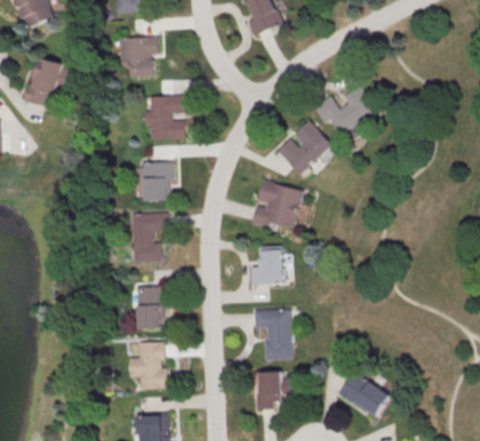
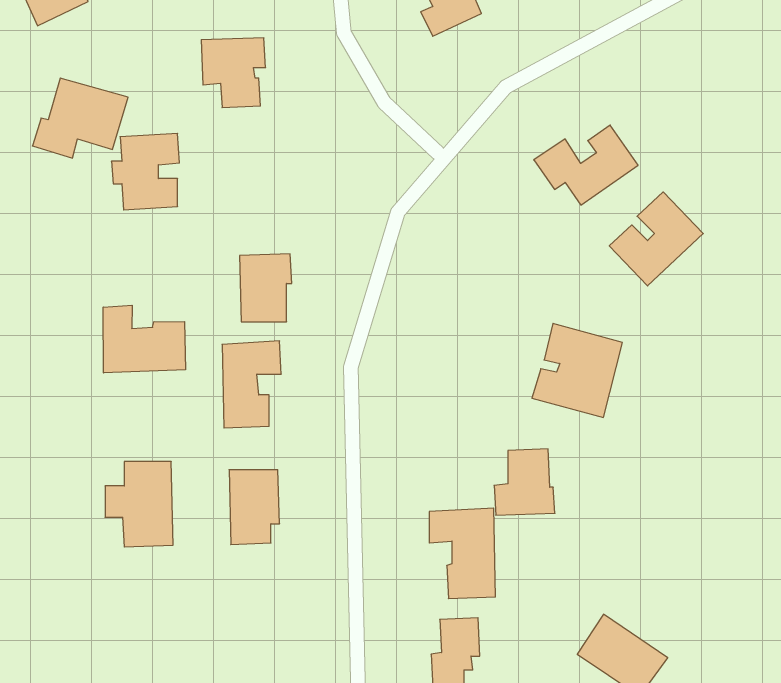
building: [145,95,184,139] -> [111,133,179,210]
building: [278,119,332,173] -> [609,192,703,286]
building: [251,179,303,234] -> [532,323,622,417]
building: none -> [103,305,185,373]
building: [250,246,285,284] -> [494,449,555,515]
building: [128,342,167,392] -> [105,462,173,547]

